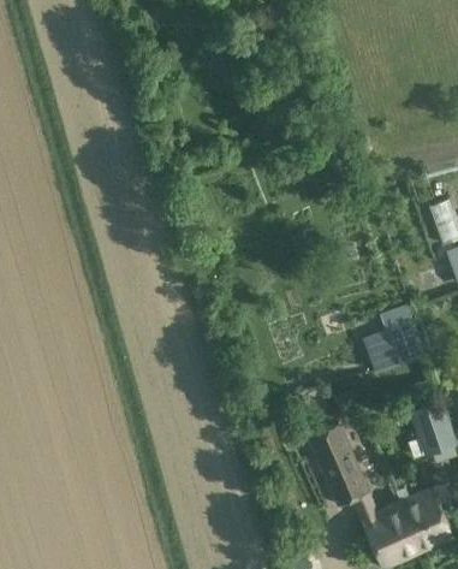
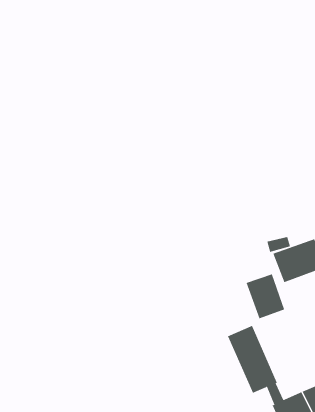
building: none -> [246,274,285,319]

